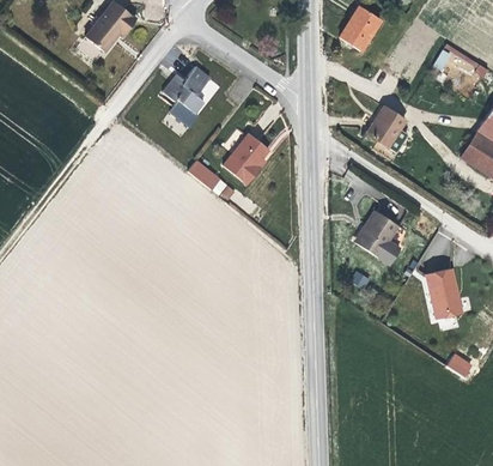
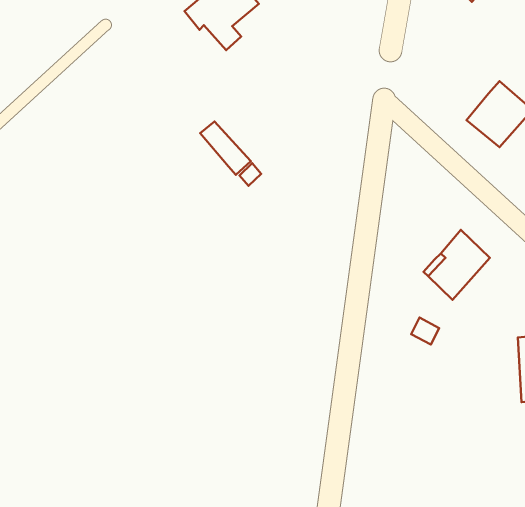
building: [223,134,268,187] -> none

